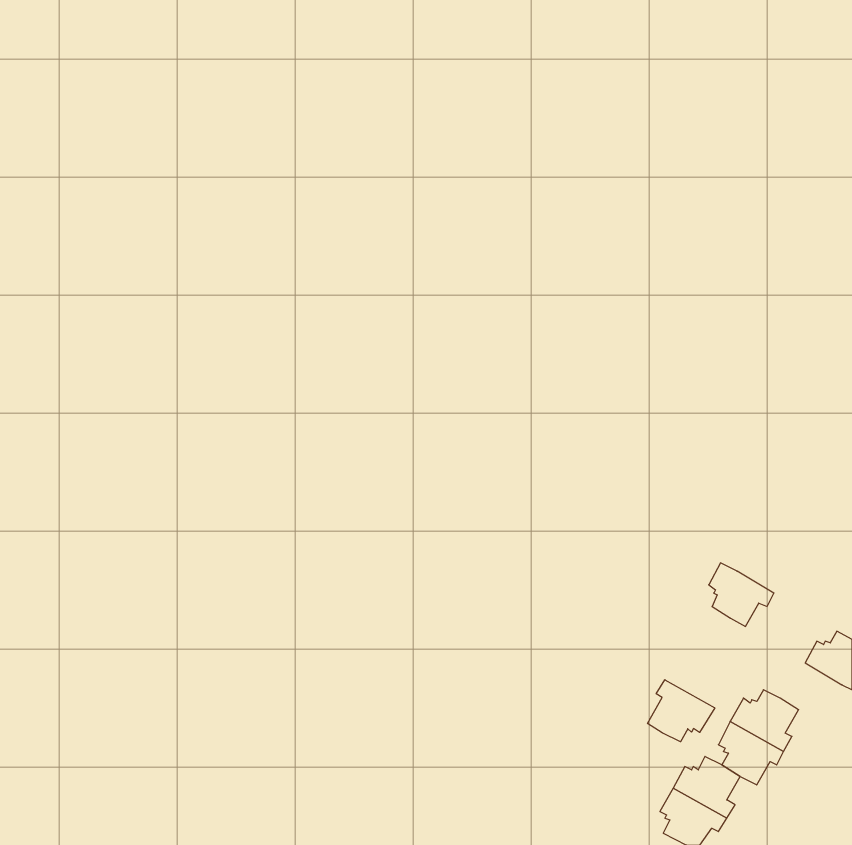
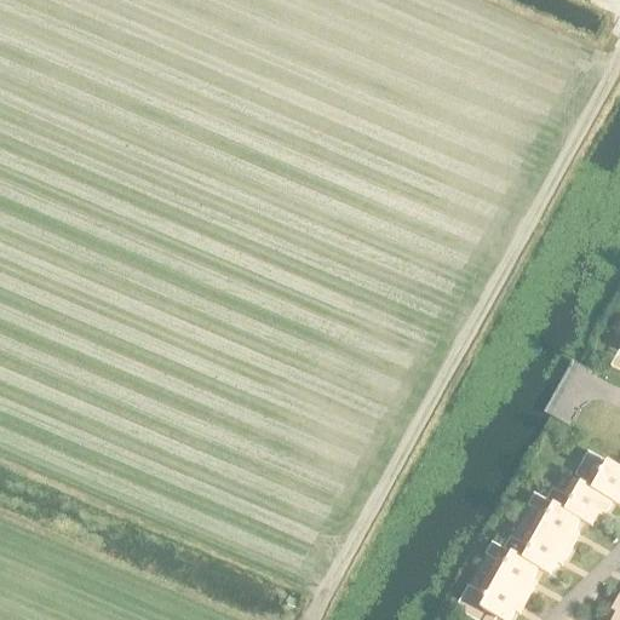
building: [709,563,774,626] -> [563,475,610,521]
building: [648,680,715,742] -> none

